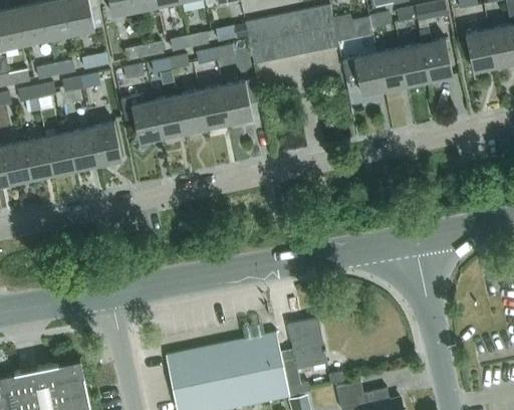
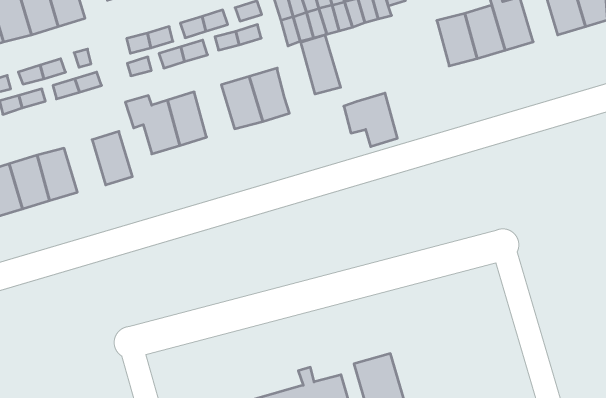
building: [341,53,382,95] -> [344,93,397,147]
building: none -> [301,35,341,94]
building: [176,91,206,133] -> none
building: [67,128,98,169] -> none

